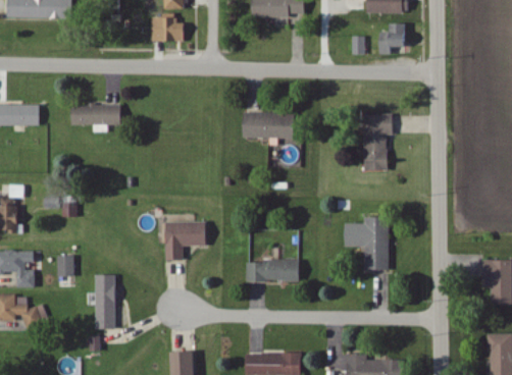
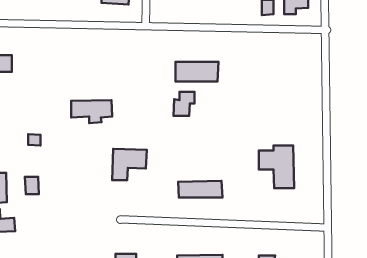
building: [69,104,120,132] -> [71,100,112,123]
building: [363,114,394,170] -> none
building: none -> [173,92,194,116]
building: [94,275,115,329] -> none

